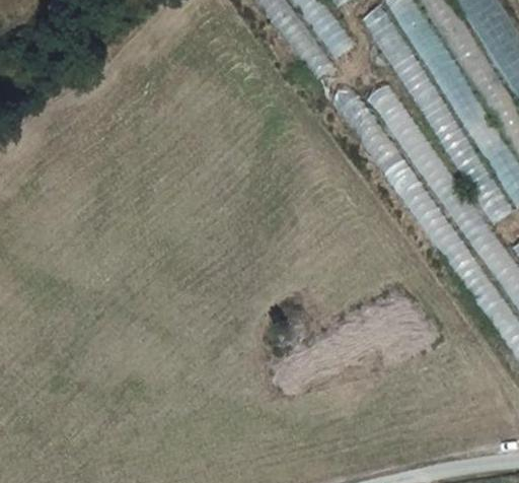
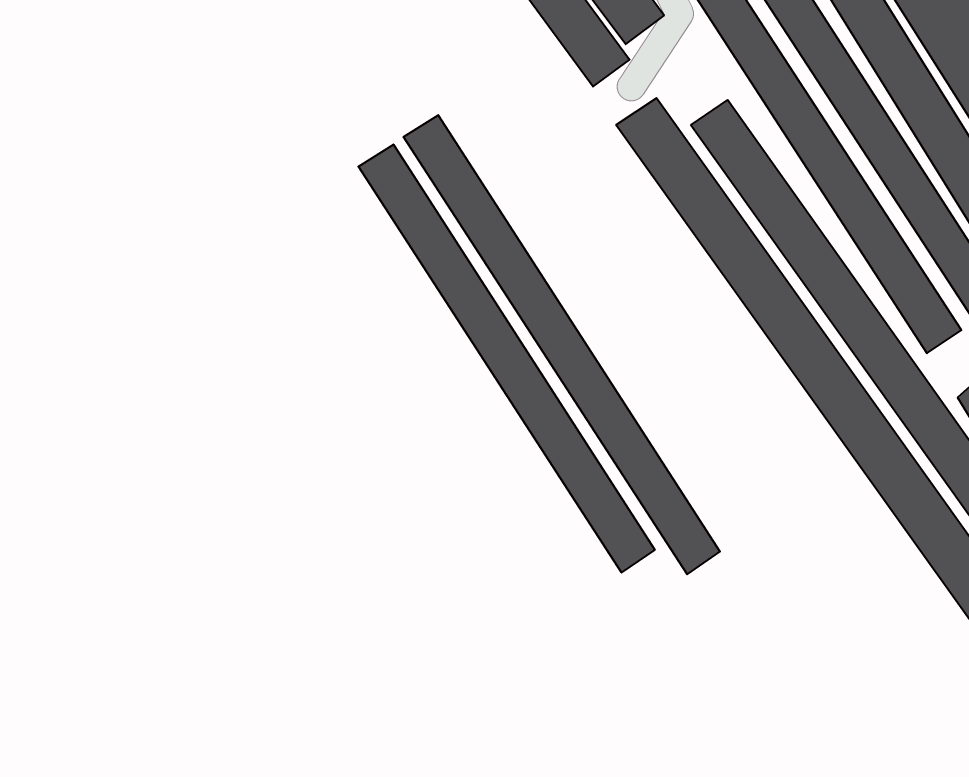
building: none -> [404,115,720,574]
building: none -> [358,144,655,573]

